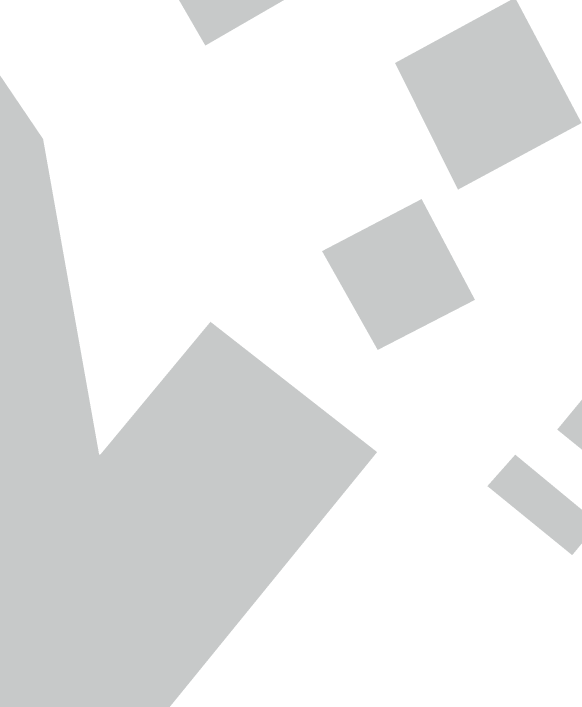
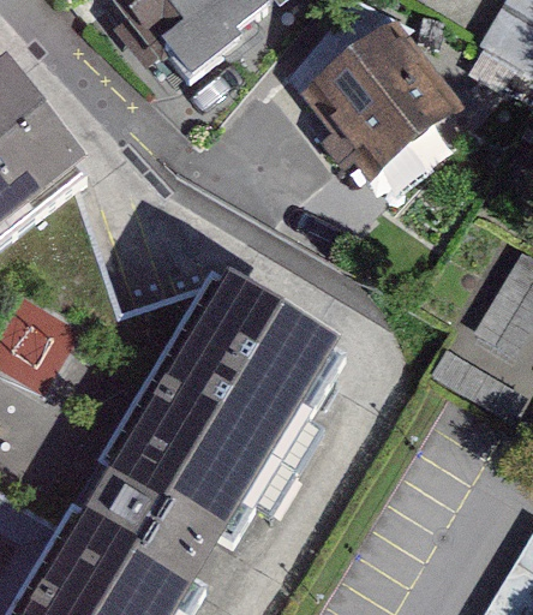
building: [321,198,476,351] -> none

